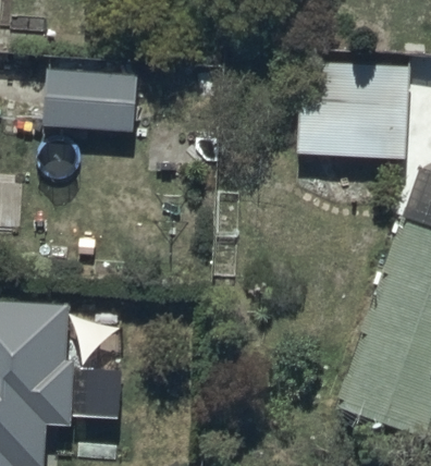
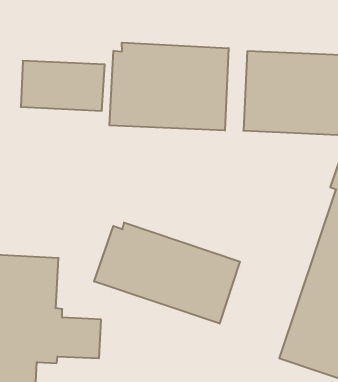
building: none -> [110,43,229,131]
building: none -> [94,222,240,324]

